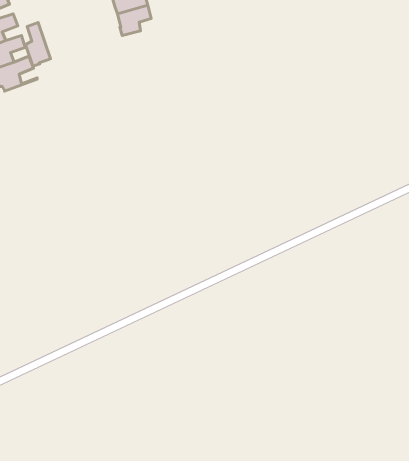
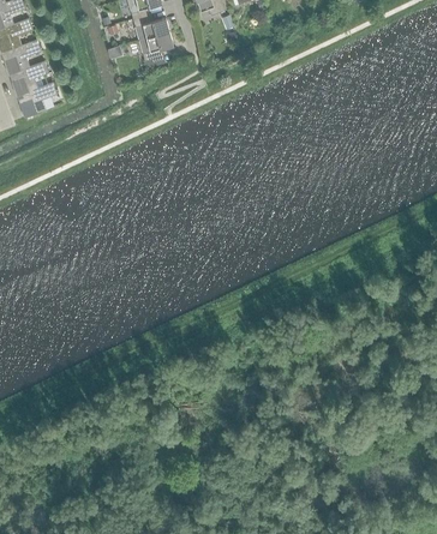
building: [25,23,50,66] -> none

